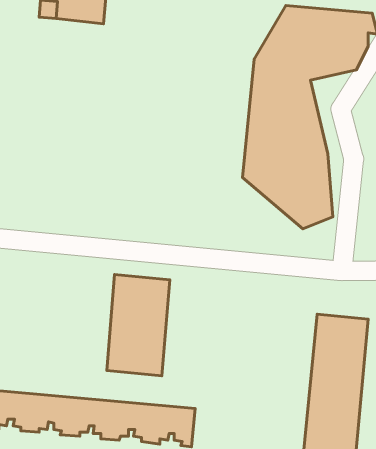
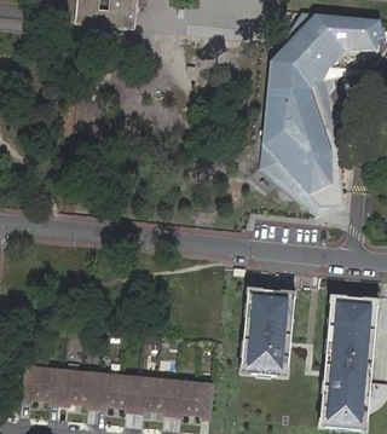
building: [107,275,170,376] -> [237,290,295,383]

